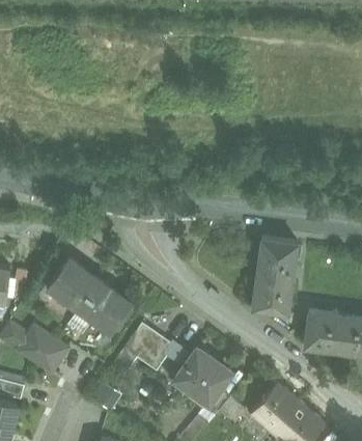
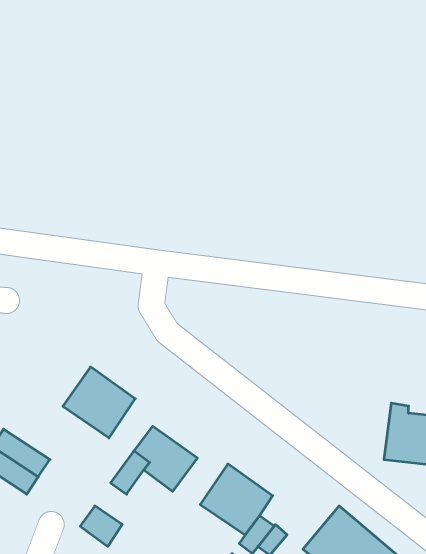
building: [253,241,301,313] -> none
building: [48,260,98,310] -> none

